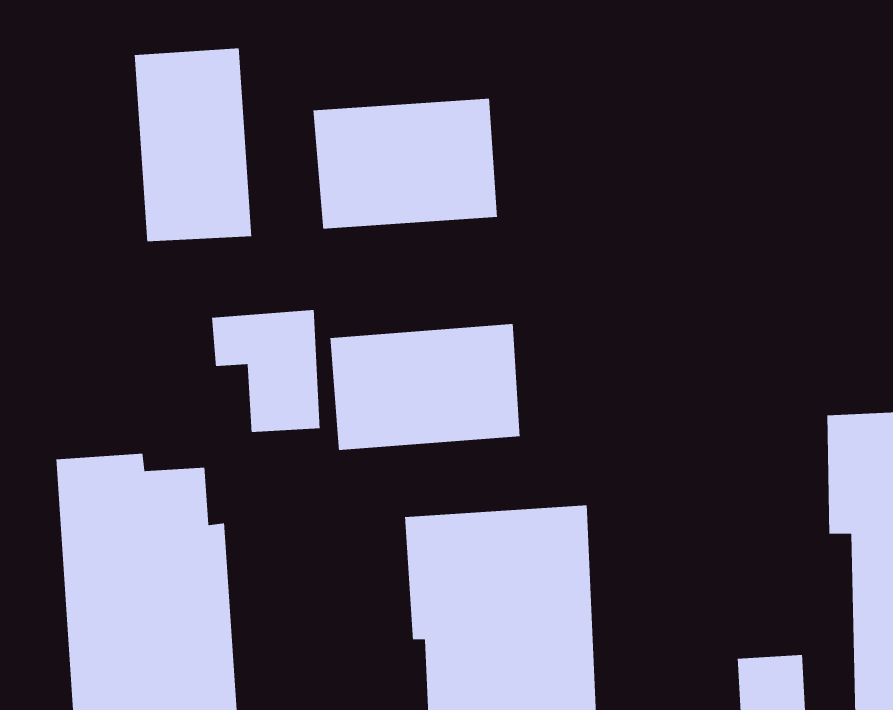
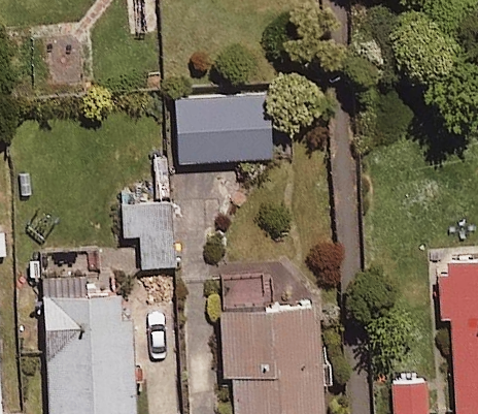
building: [134,47,252,242] -> none
building: [329,323,520,451] -> none

